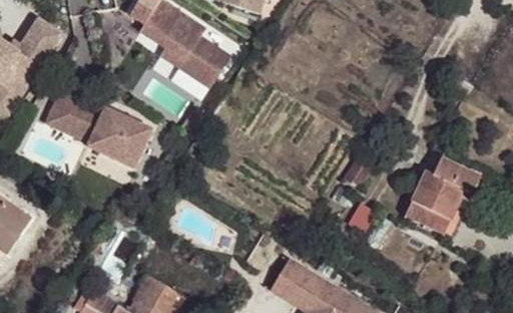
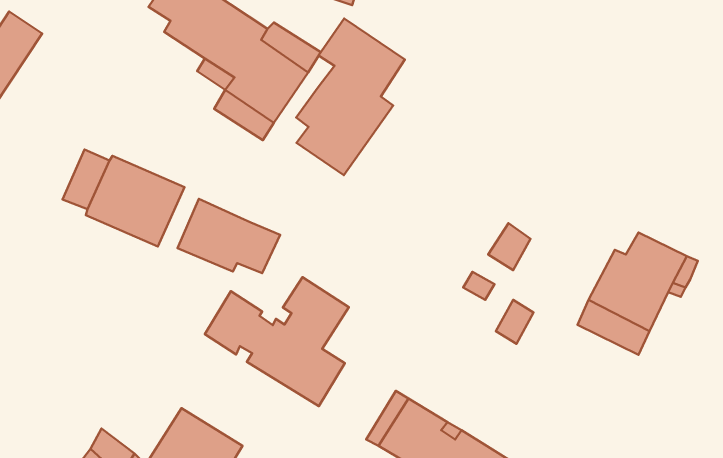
building: none -> [296,18,405,175]
building: [45,92,86,136] -> none
building: none -> [178,199,280,273]
building: none -> [205,277,349,406]

